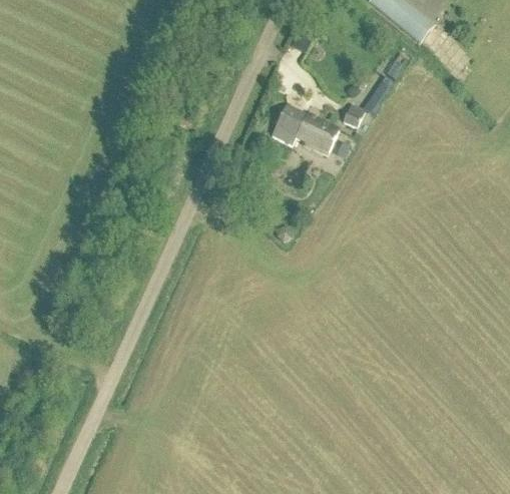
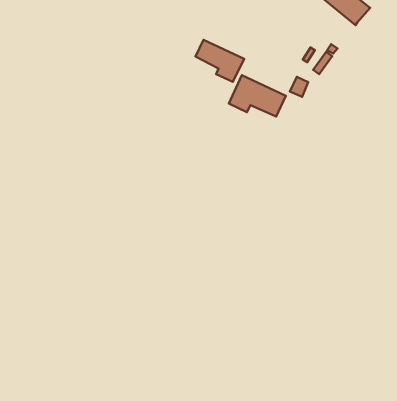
building: none -> [195,40,244,82]

